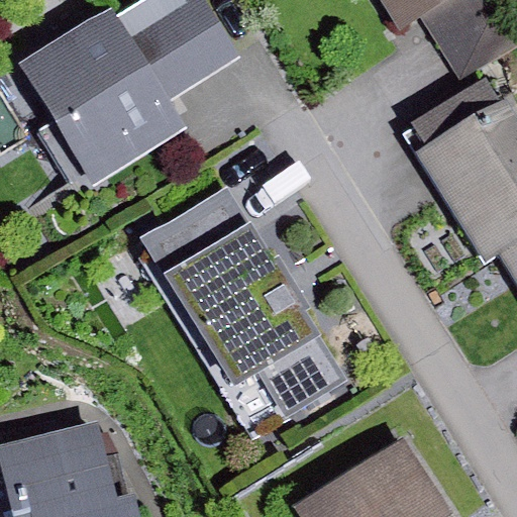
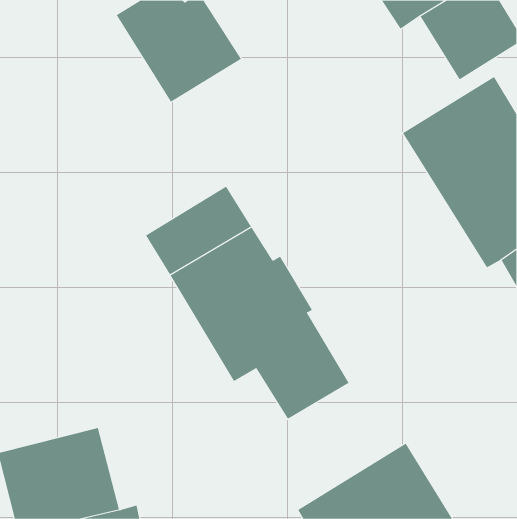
building: [19,6,188,198] -> none

